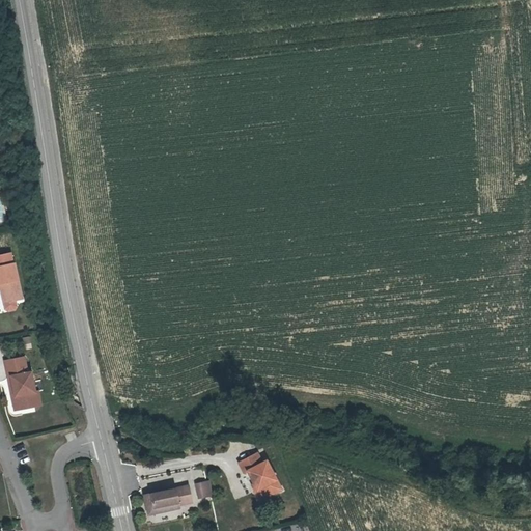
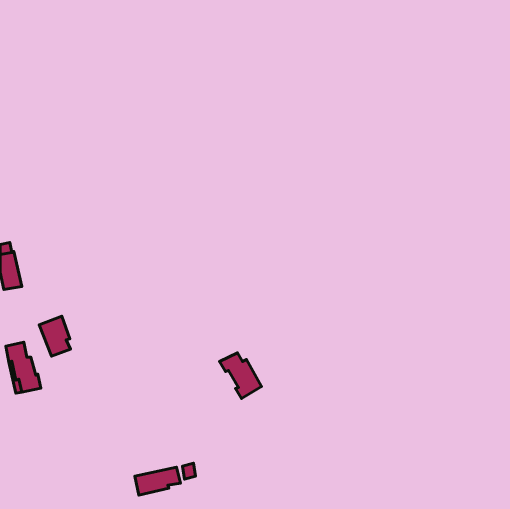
building: none -> [39,316,71,356]
building: [231,452,275,500] -> [220,353,261,399]

